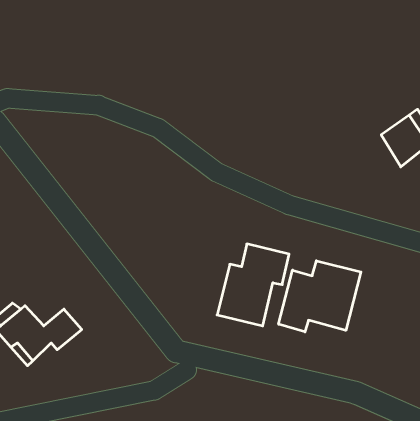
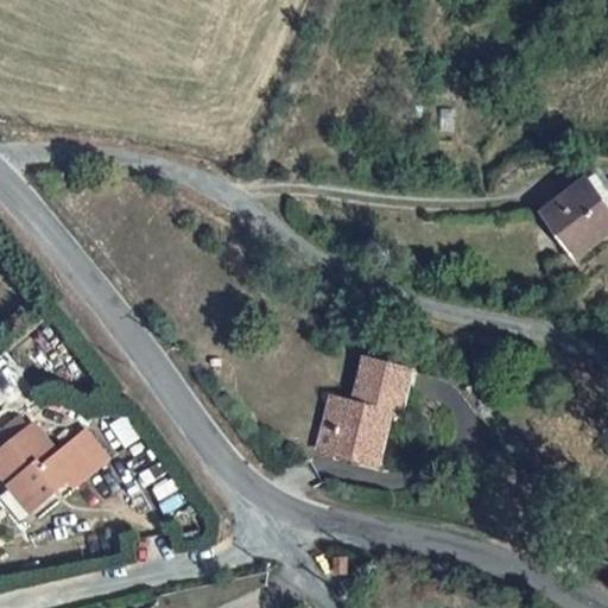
building: [279,261,361,332] -> none

